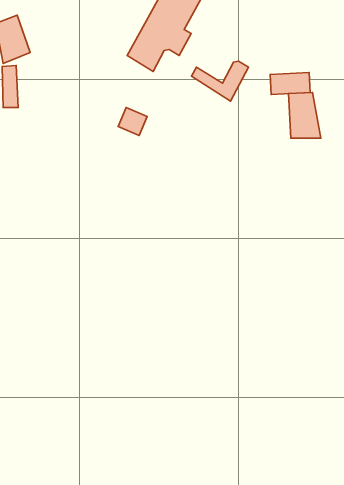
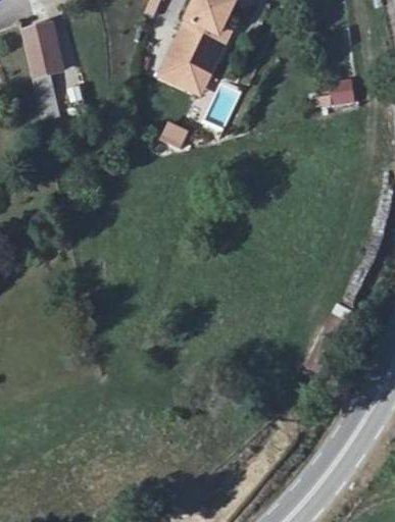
building: [192,61,249,101] -> [157,57,215,98]
building: [288,93,321,138] -> none

